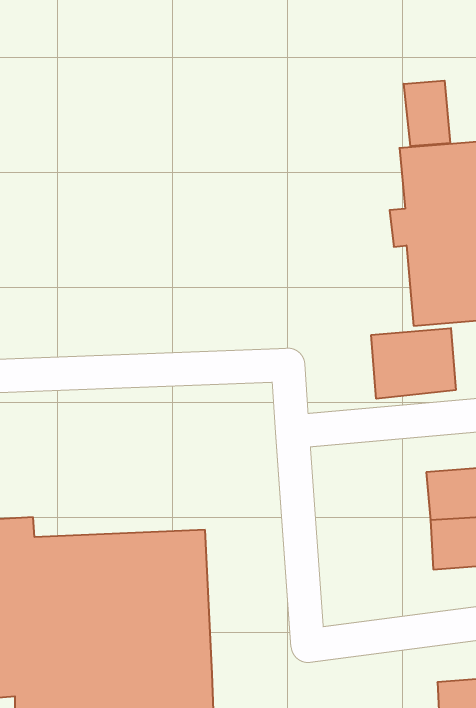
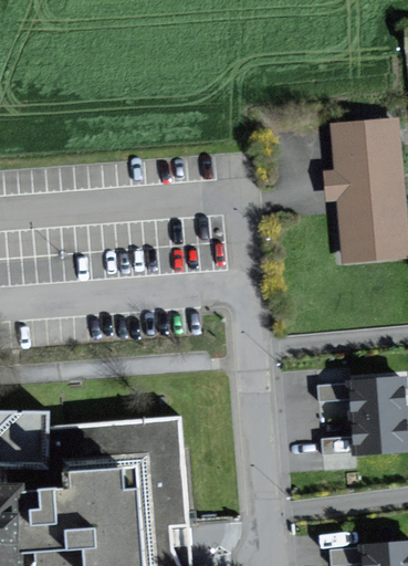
building: [404,81,450,146] -> none
building: [371,328,456,399] -> none

